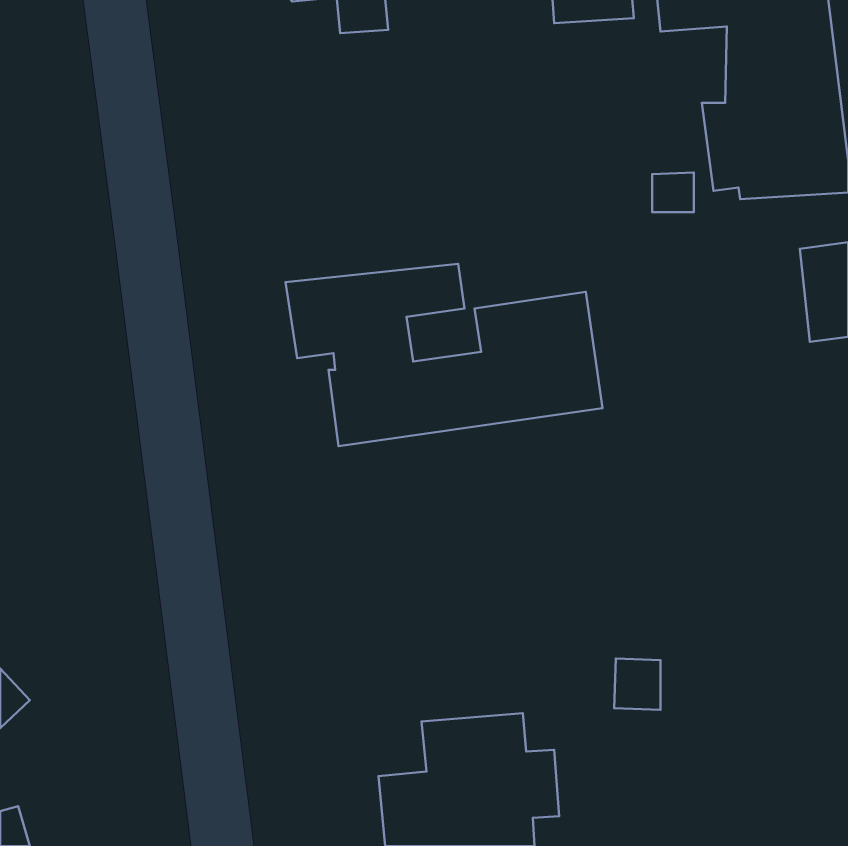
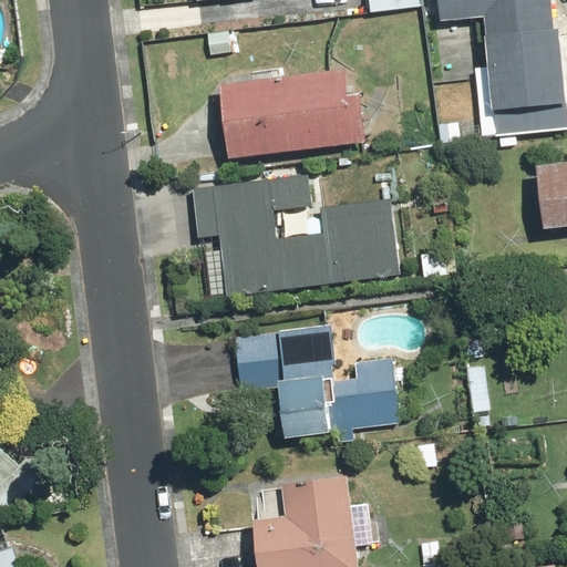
building: none -> [219,68,368,157]
building: none -> [234,327,399,436]

